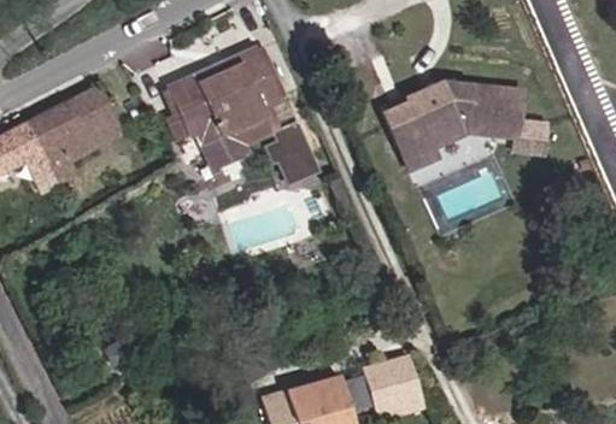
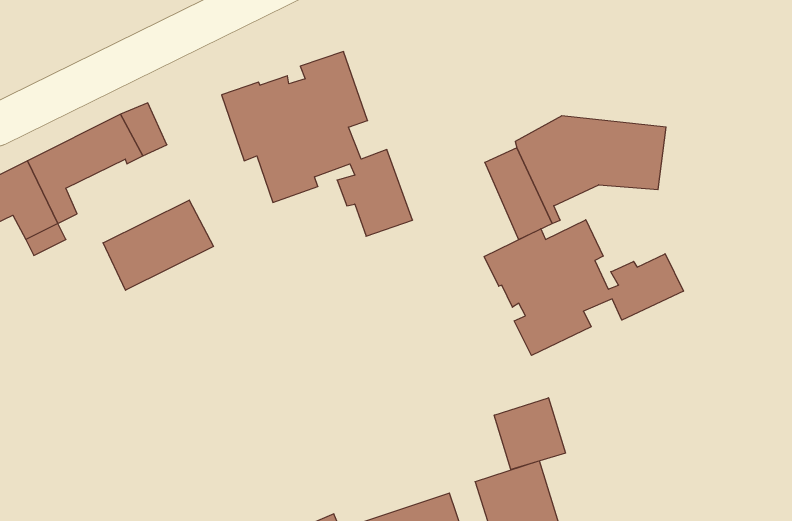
building: none -> [103,200,213,290]
building: none -> [484,220,683,355]
building: none -> [494,398,566,469]

